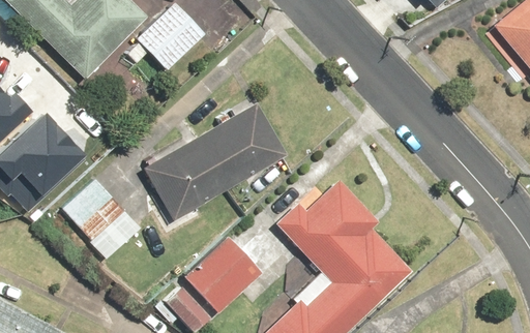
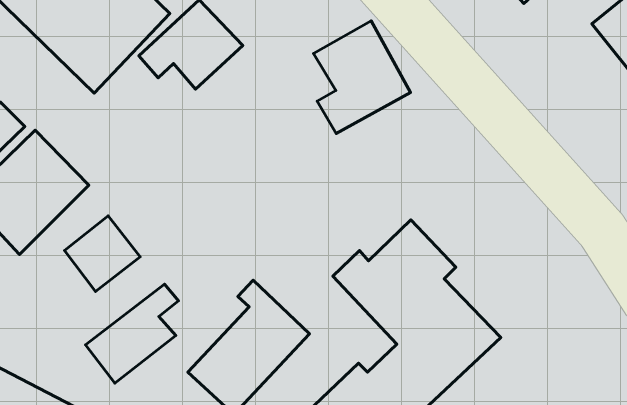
building: none -> [314,21,411,133]
building: [143,103,292,222] -> none
building: none -> [86,284,179,383]

